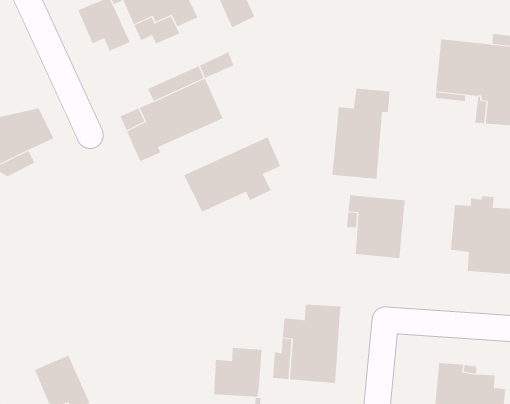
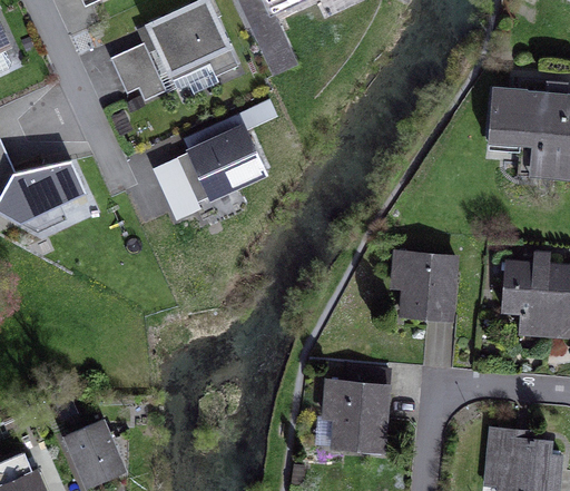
building: [332,88,390,179] -> none
building: [183,137,281,213] -> none
building: [213,347,262,397] -> none

